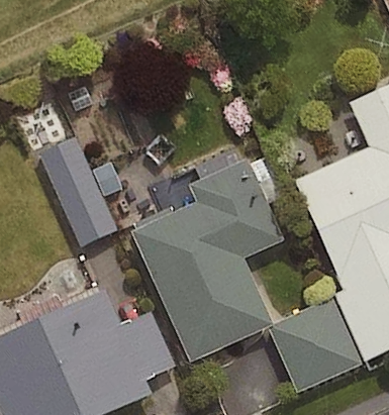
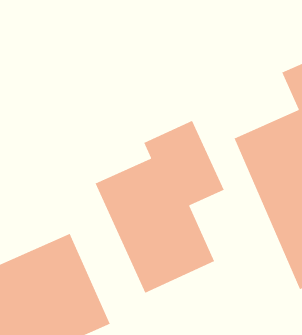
building: [41,132,120,242] -> none
building: [273,300,361,389] -> none

